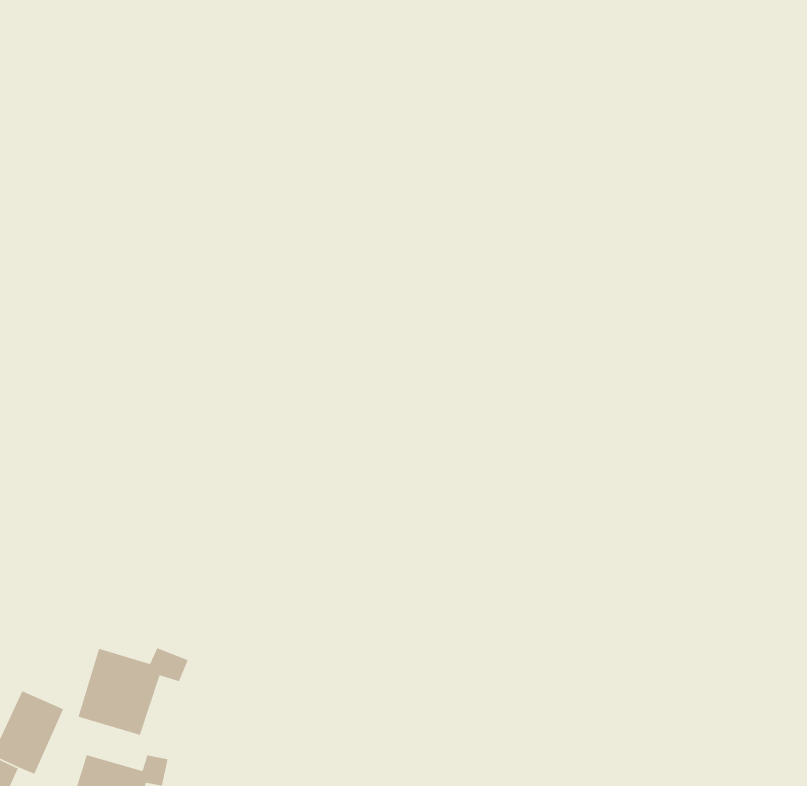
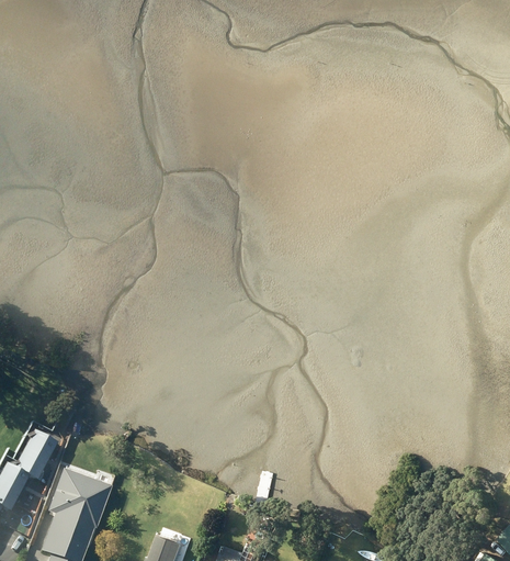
building: [77,647,189,736] -> none

